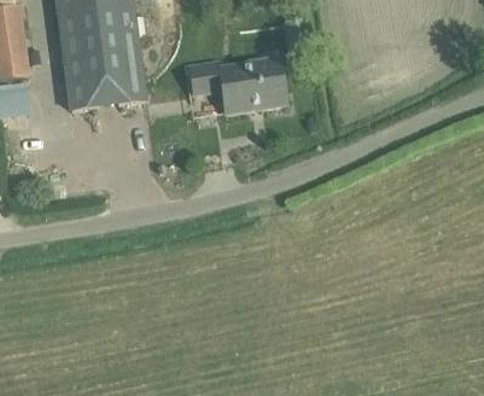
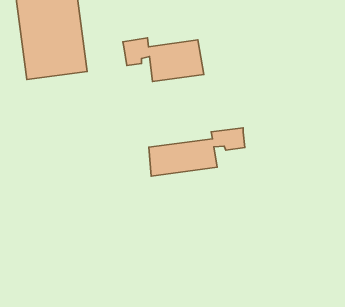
building: none -> [149,128,245,176]

